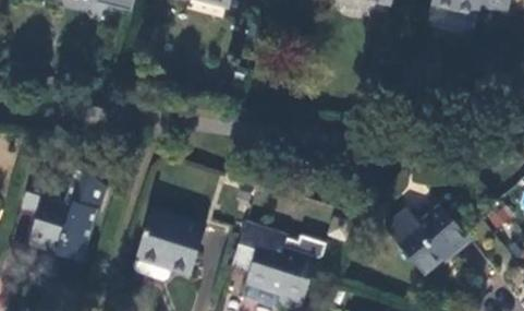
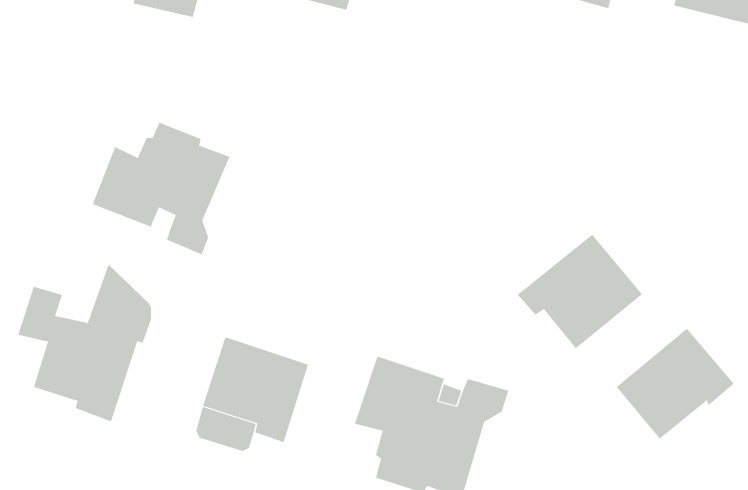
building: none -> [92,122,230,255]
building: none -> [517,234,643,349]

